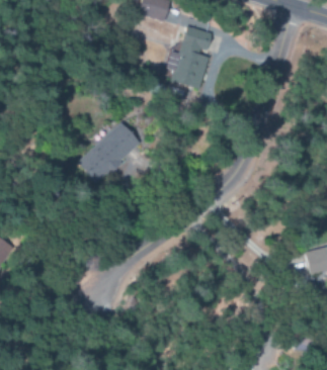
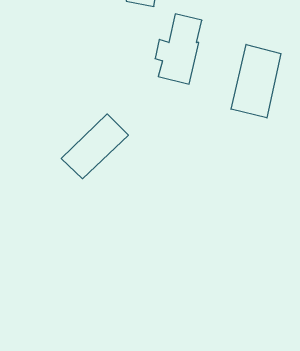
building: none -> [231,44,281,118]

